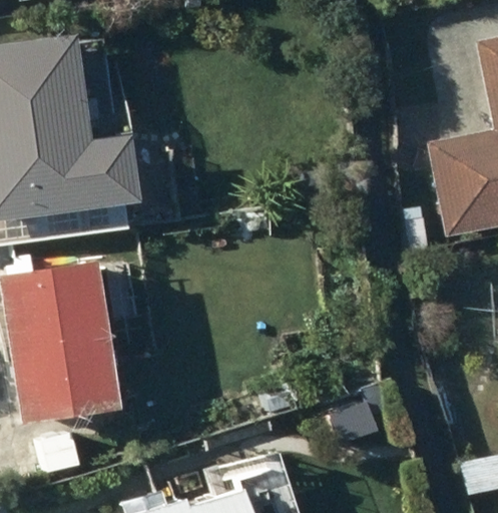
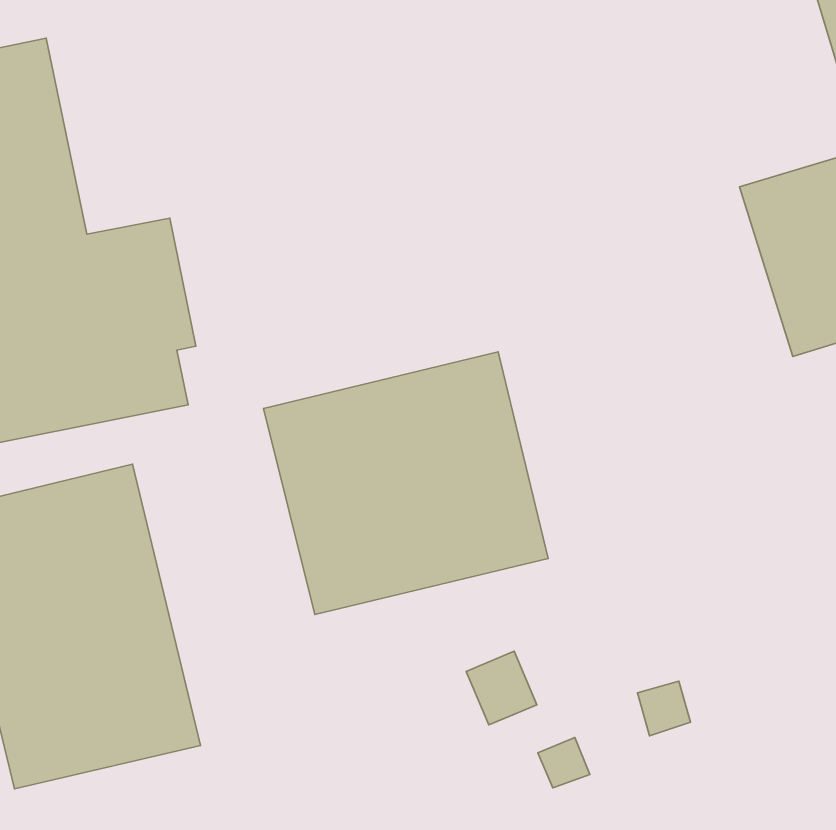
building: none -> [263,352,548,615]

